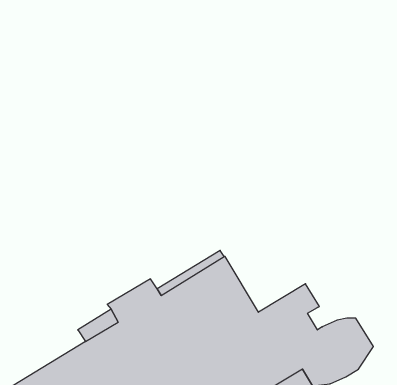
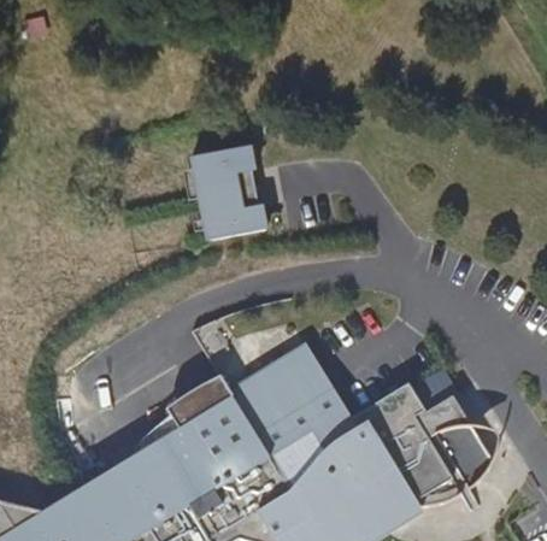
building: none -> [190,143,266,237]
building: none -> [412,393,471,436]

